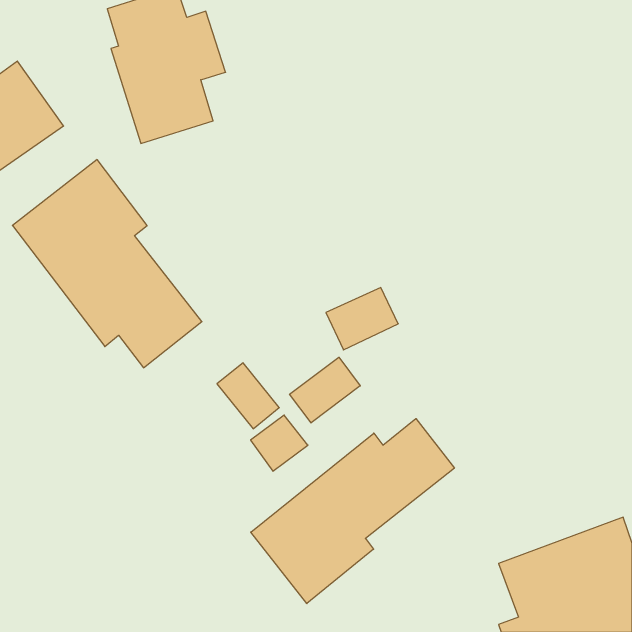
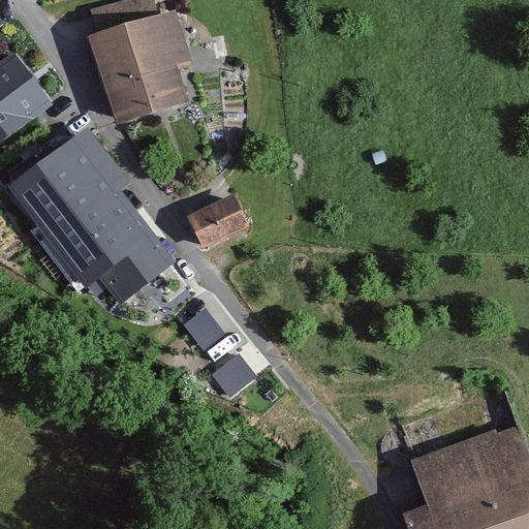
building: [326,288,398,350] -> [188,197,248,249]
building: [290,357,360,423] -> none
building: [251,419,454,604] -> none

